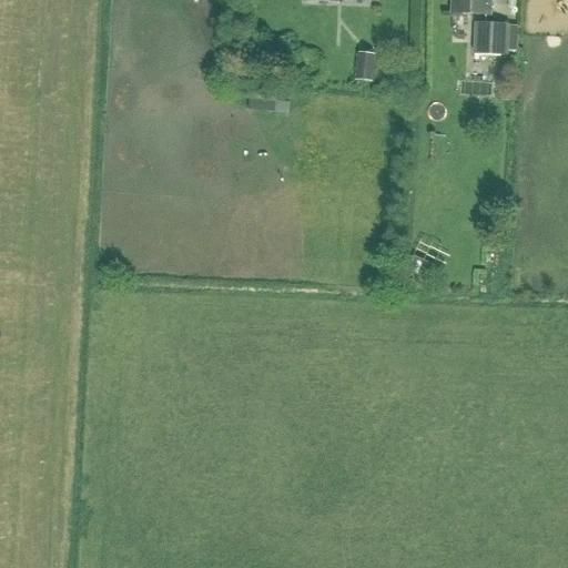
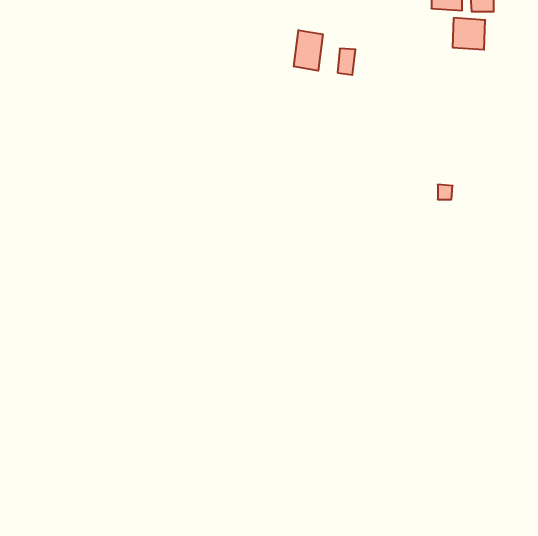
building: none -> [294,30,323,71]

